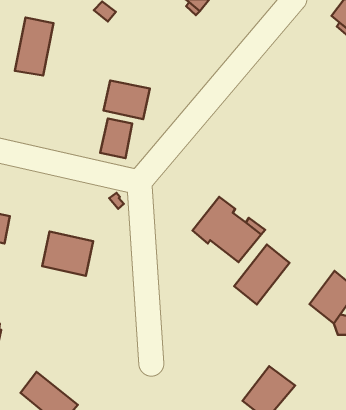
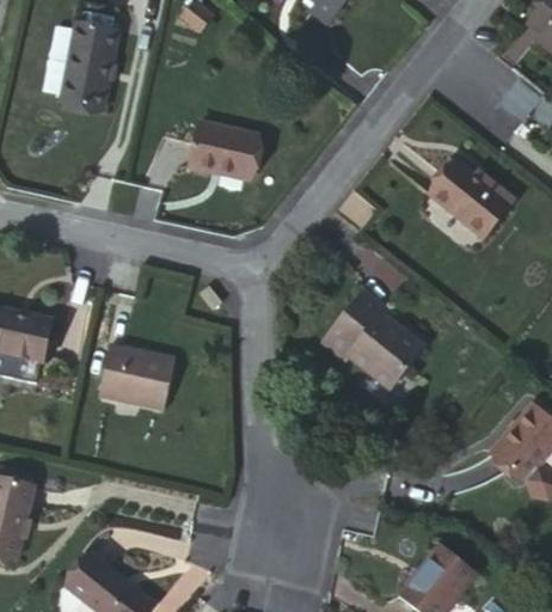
building: none -> [428,166,511,240]
building: [100,118,132,158] -> none
building: [234,244,289,304] -> none

